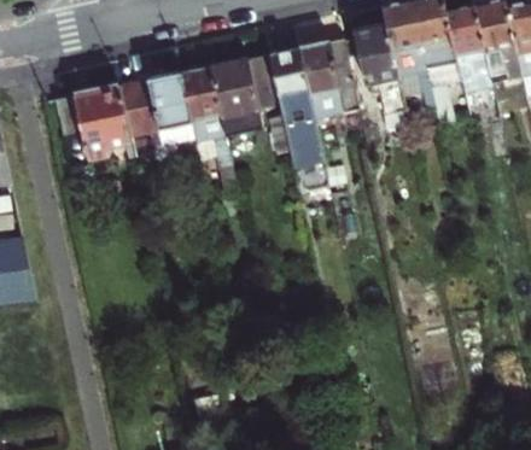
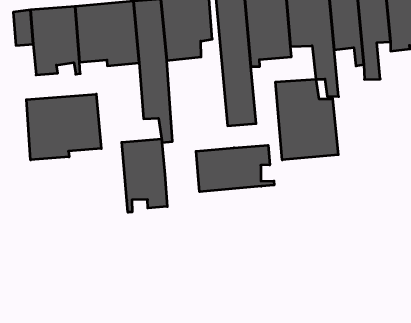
building: none -> [276,79,338,160]
building: none -> [26,94,101,160]
building: none -> [196,145,274,192]
building: none -> [122,139,167,212]

